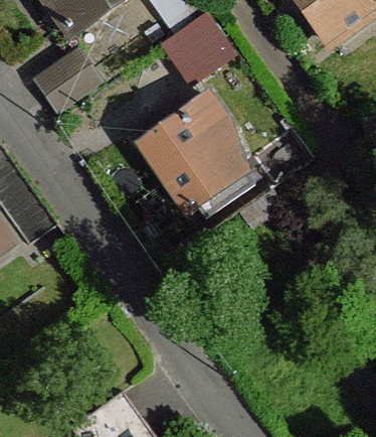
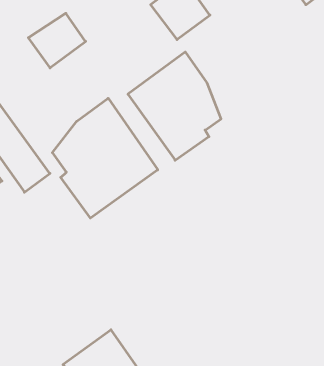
building: none -> [52,98,158,218]

